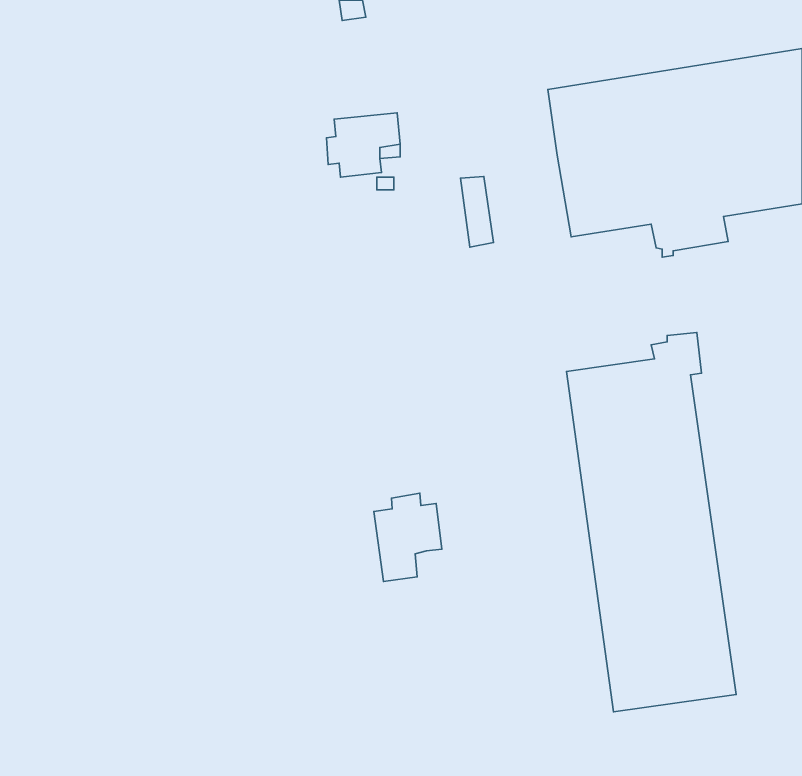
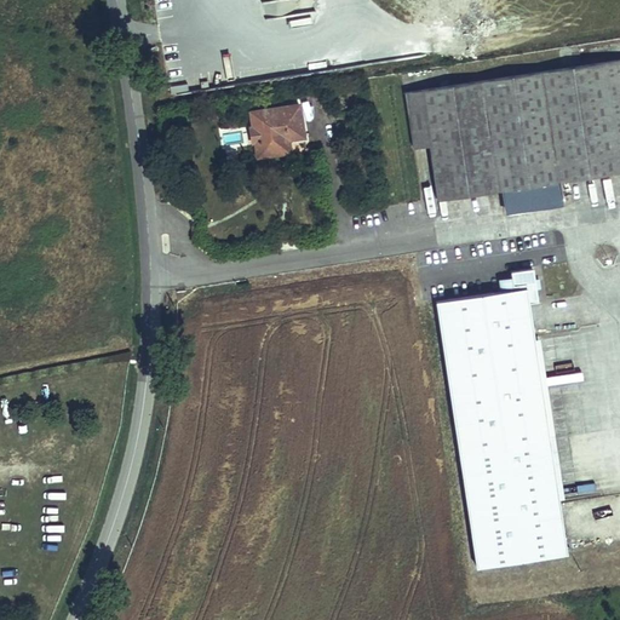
building: [460,177,493,247] -> [404,88,430,143]
building: [374,493,442,581] -> none

